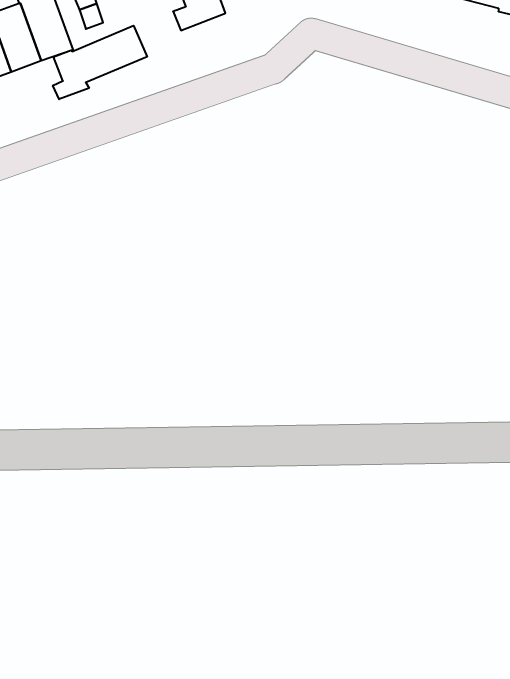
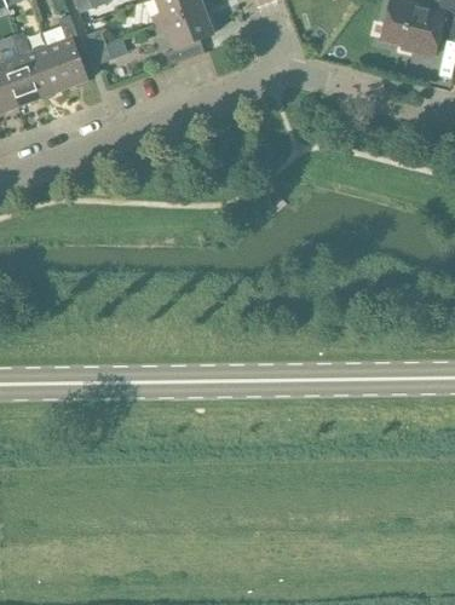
building: [53,26,147,99] -> none

